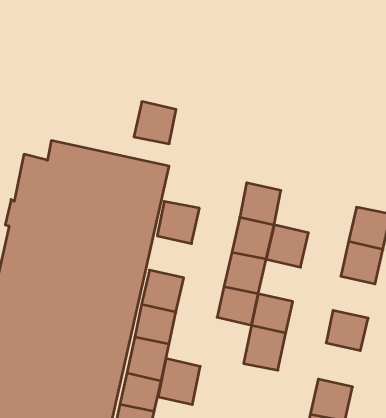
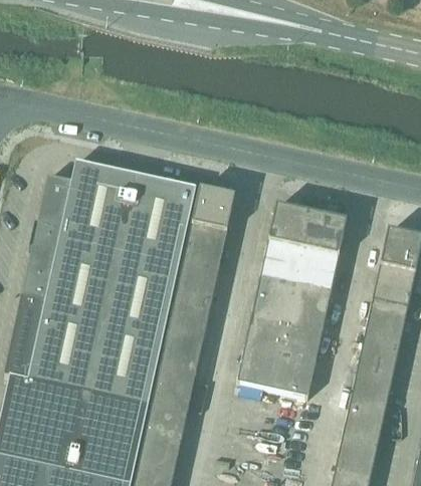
building: [134,102,176,144] -> [192,186,235,229]
building: none -> [304,211,348,254]
building: none -> [177,257,220,300]
building: none -> [288,281,332,324]
building: none -> [365,298,408,341]
building: none -> [350,367,393,412]
building: [158,359,200,405] -> [238,340,281,388]

